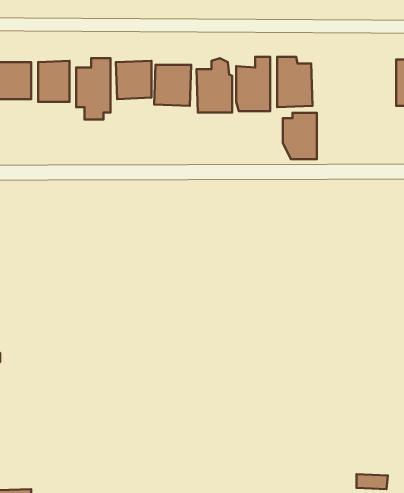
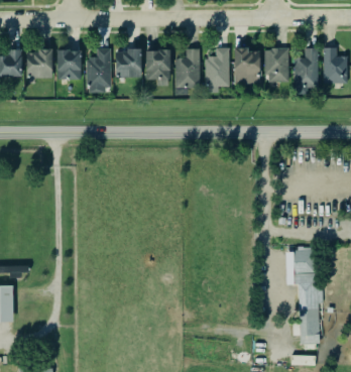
building: none -> [295,49,317,82]
building: [283,113,317,159] -> [263,46,288,81]
building: none -> [286,246,320,344]

